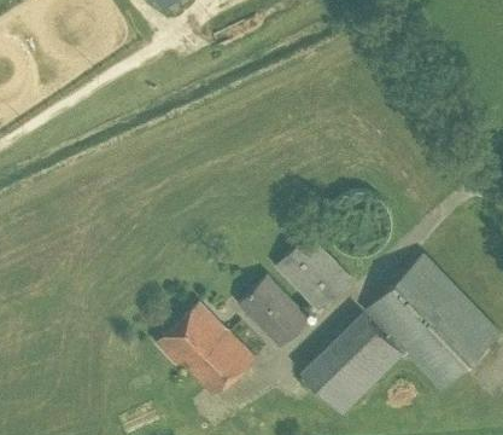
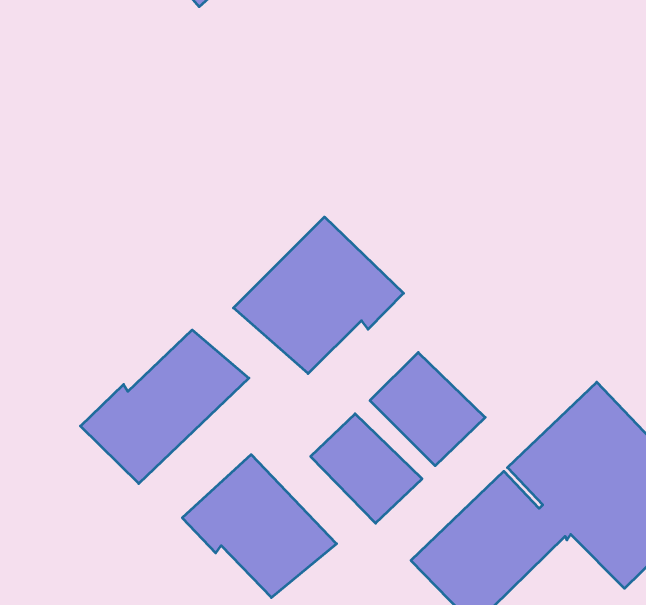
building: none -> [233,217,404,374]
building: none -> [80,330,249,484]

